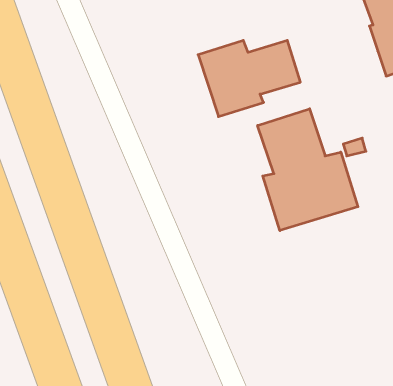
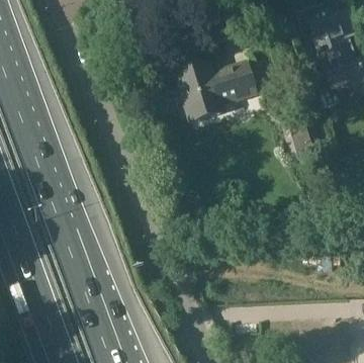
building: [258,109,358,231] -> none

